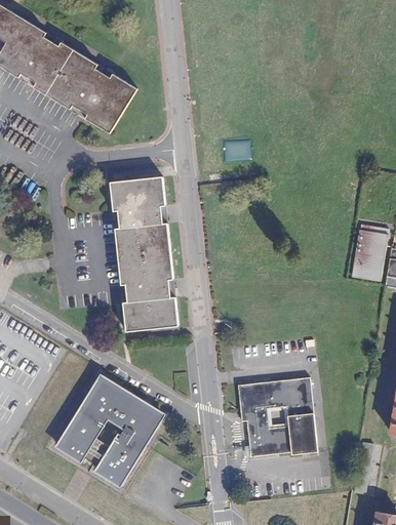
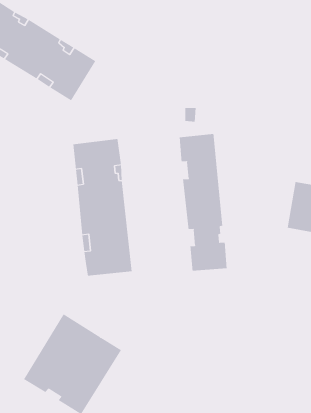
building: none -> [179,133,227,272]
building: [237,377,317,456] -> none

